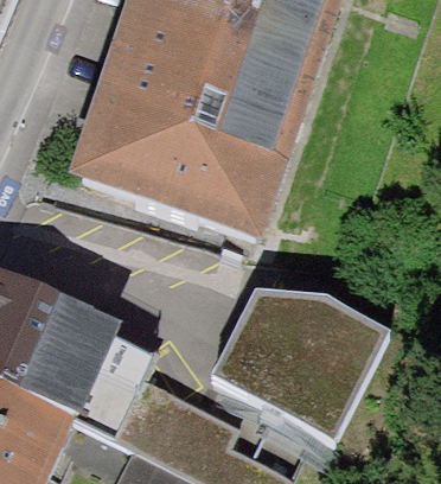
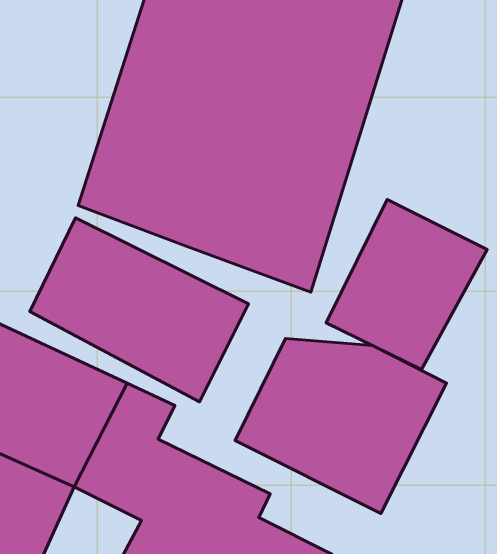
building: none -> [326,200,487,370]
building: none -> [30,218,249,402]

